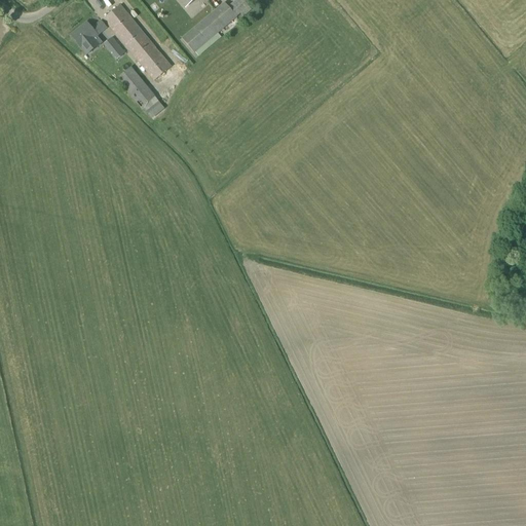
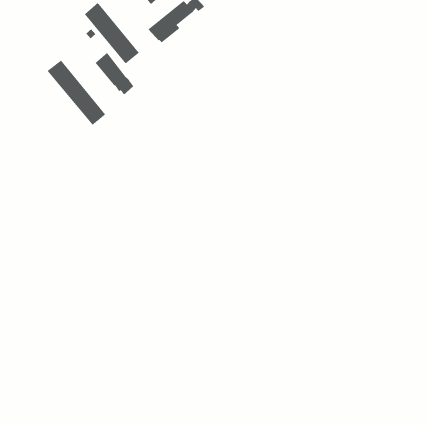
building: [71,17,108,46] -> none
building: none -> [47,60,106,126]

